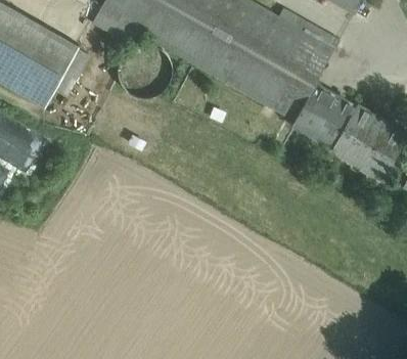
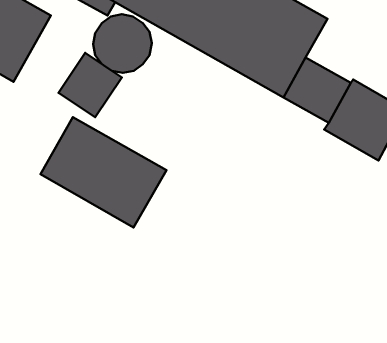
building: none -> [59,53,122,117]
building: none -> [41,117,166,228]

